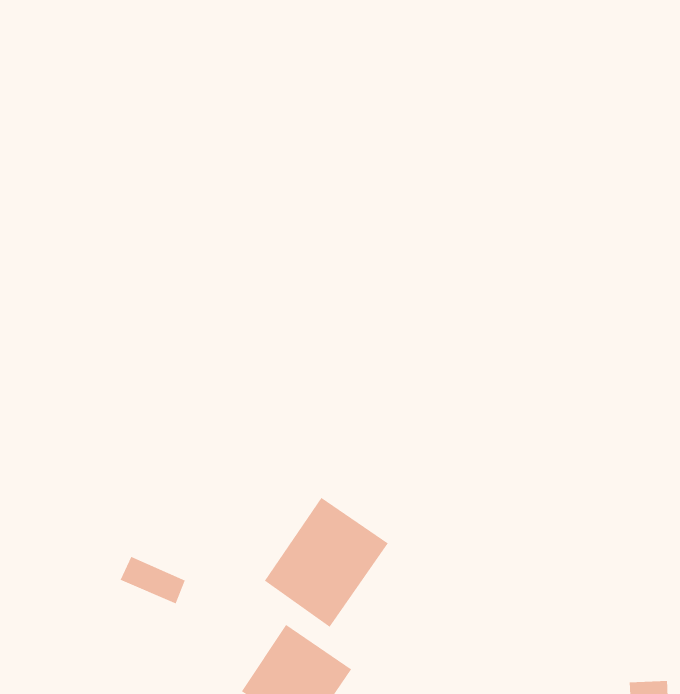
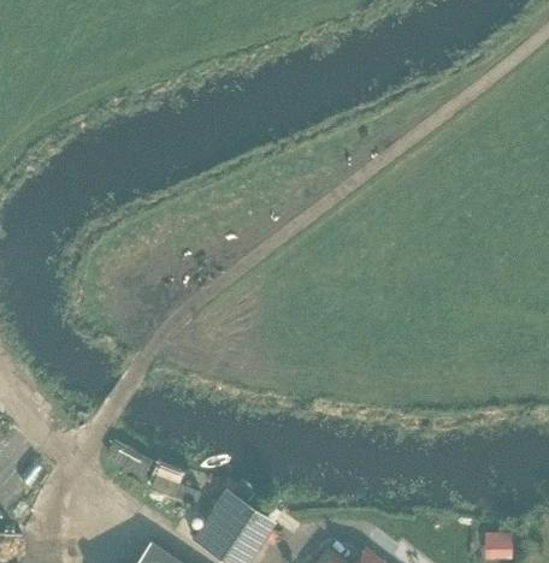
building: [264,497,389,628] -> none

